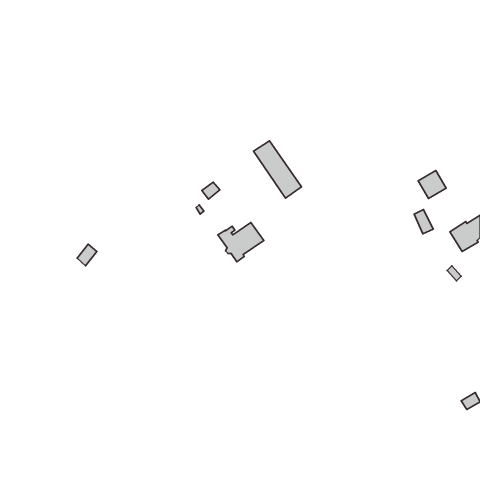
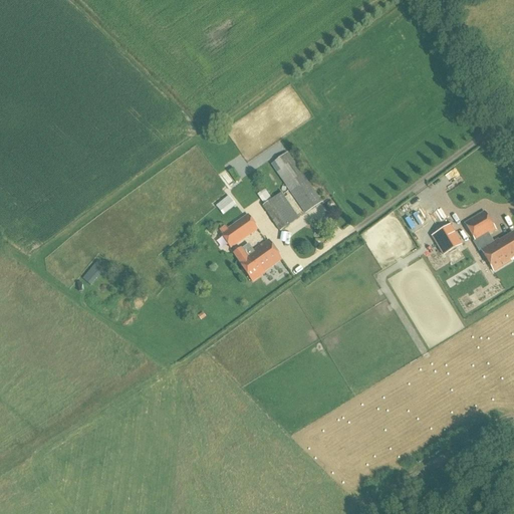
building: [418,170,446,199] -> [465,210,495,240]
building: none -> [257,188,298,229]
building: none -> [221,213,257,246]

